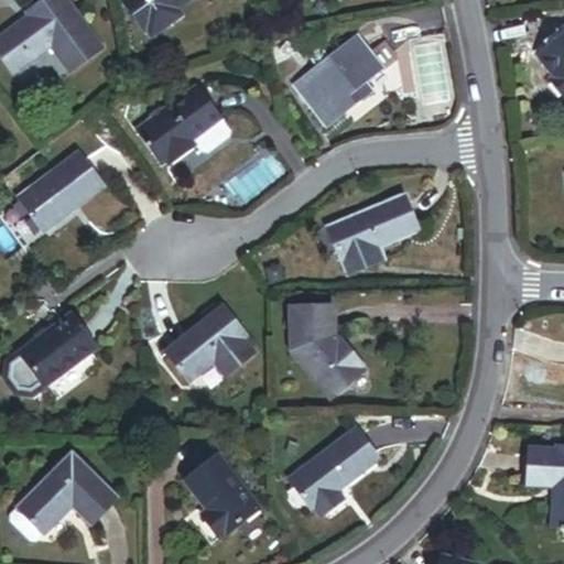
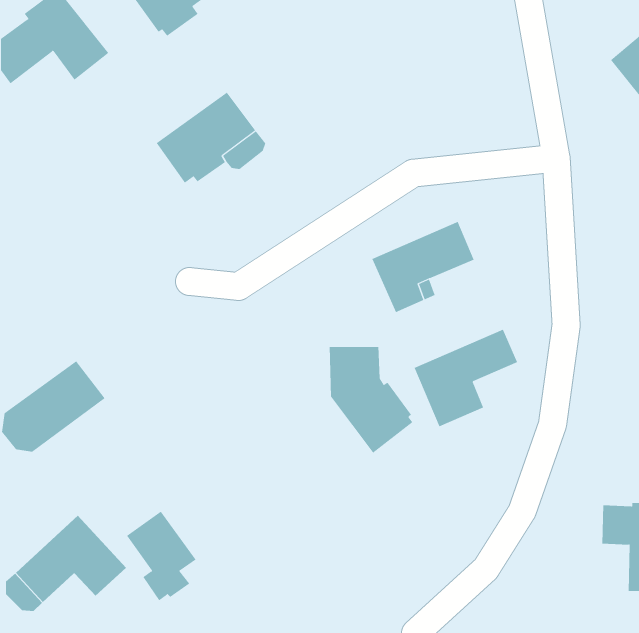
building: [296,37,380,124] -> none
building: [17,152,100,228] -> none
building: none -> [414,329,518,427]
building: [167,308,253,381] -> none
building: [289,429,377,513] -> none
building: [186,456,248,535] -> [126,511,196,601]

